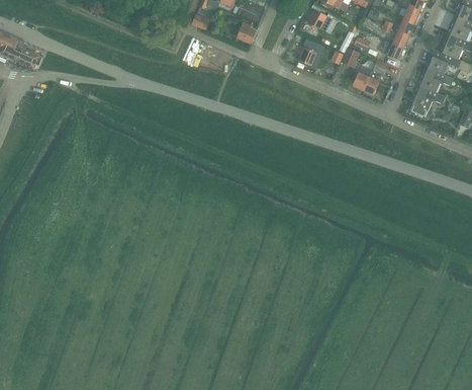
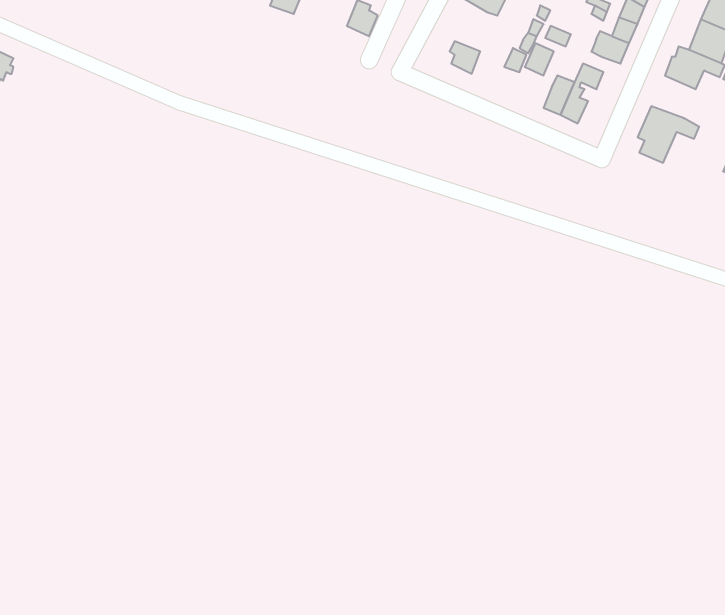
building: [417,66,454,91] -> none

